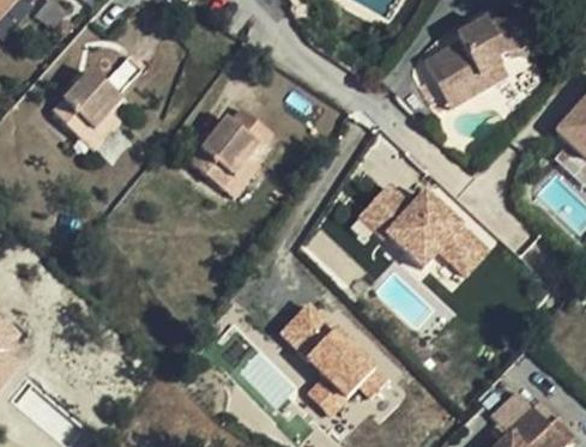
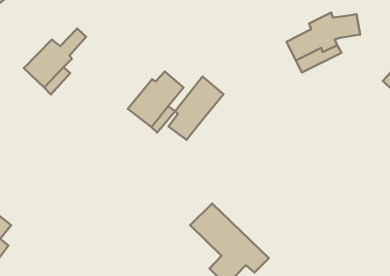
building: none -> [169,77,223,140]
building: [350,180,493,278] -> none

